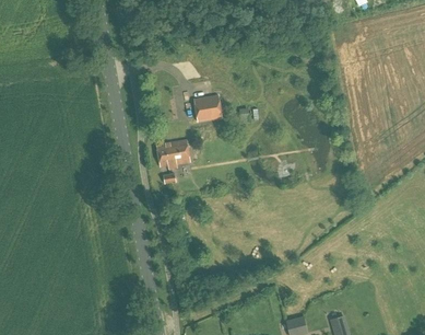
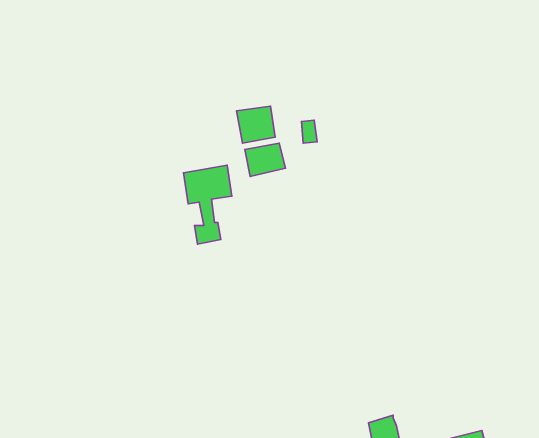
building: none -> [245,143,285,176]

